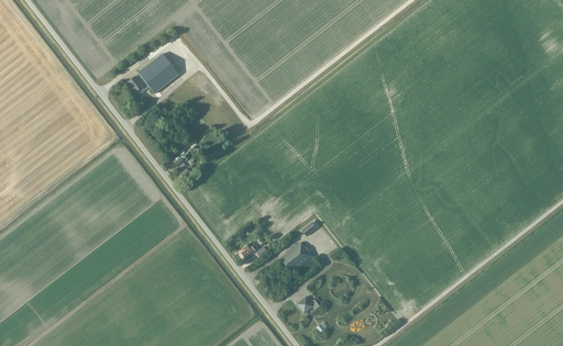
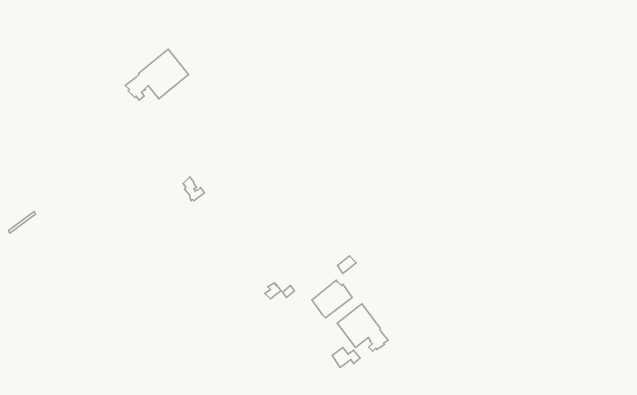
building: none -> [337,304,388,351]

